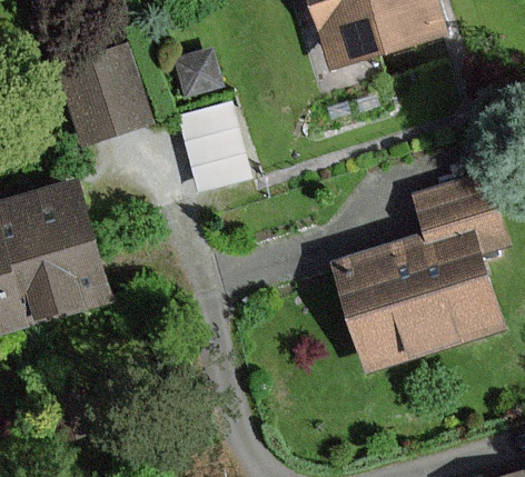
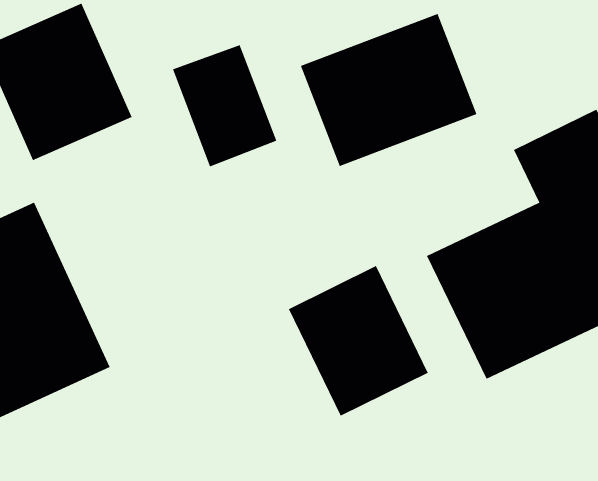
building: none -> [300,13,477,167]
building: none -> [288,265,429,416]

